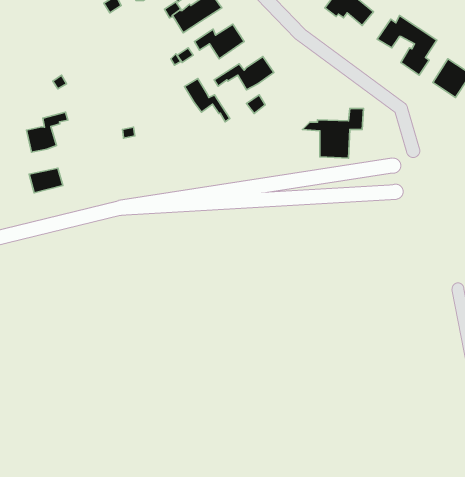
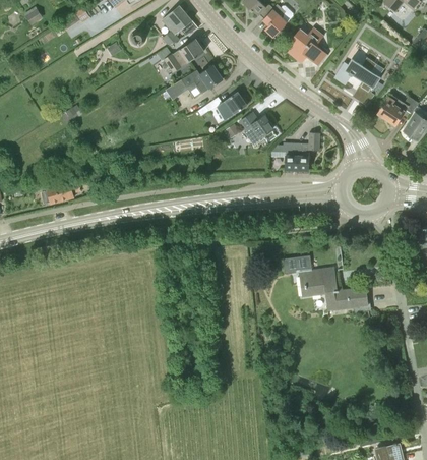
building: [184,78,230,122] -> none
building: none -> [240,113,273,145]
building: [26,112,68,152] -> none
building: none -> [283,255,369,312]

